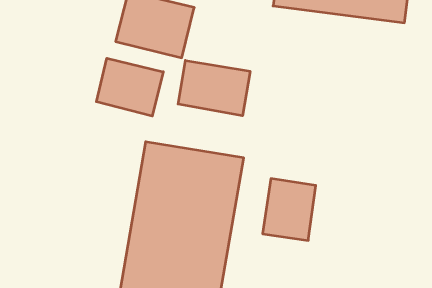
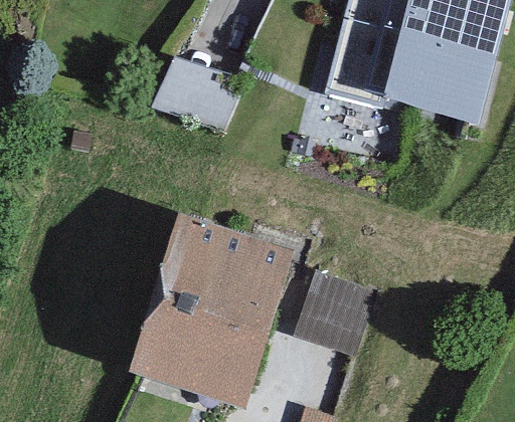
building: [96,58,163,116] -> none
building: [178,60,250,116] -> none

